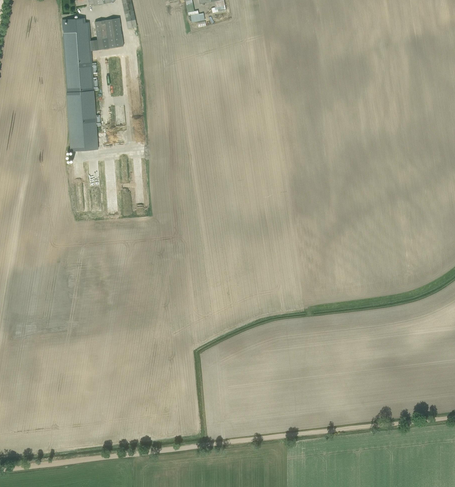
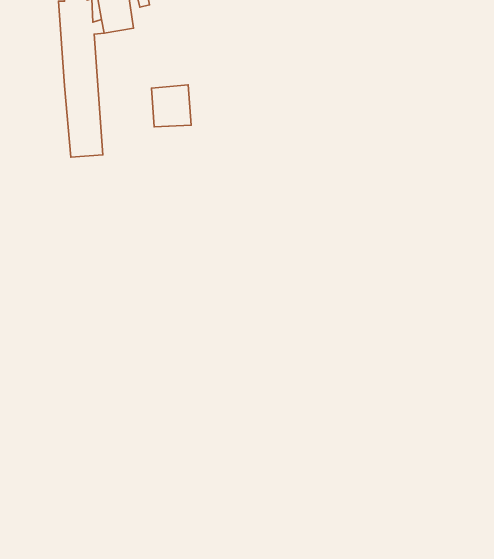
building: none -> [152,85,191,127]

